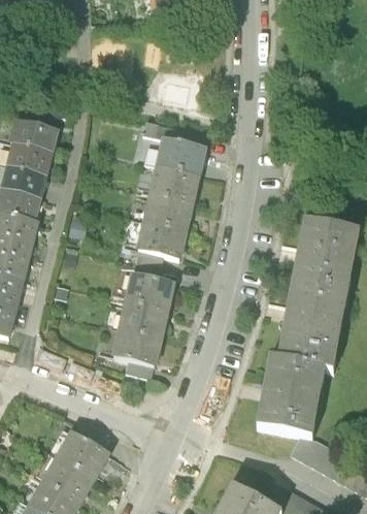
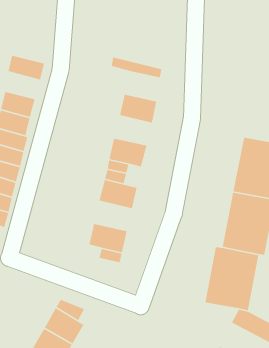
building: [156,140,203,178] -> none
building: [7,141,52,174] -> none
building: [142,195,191,232] -> none
building: [118,301,166,339] -> none

